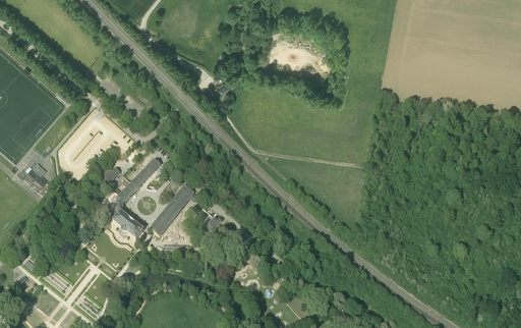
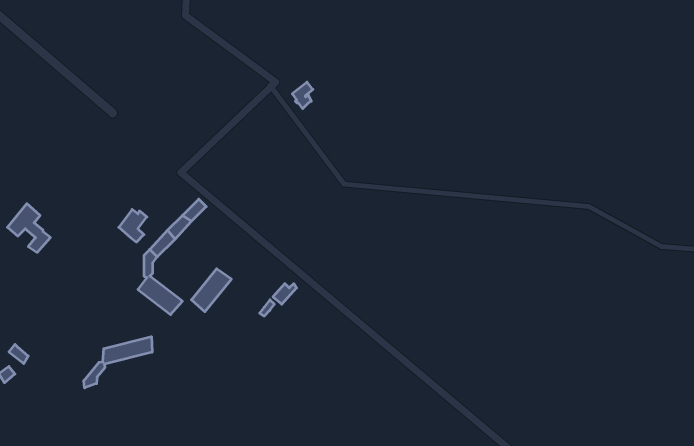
building: [167,183,199,213] -> none
building: none -> [84,337,152,388]

